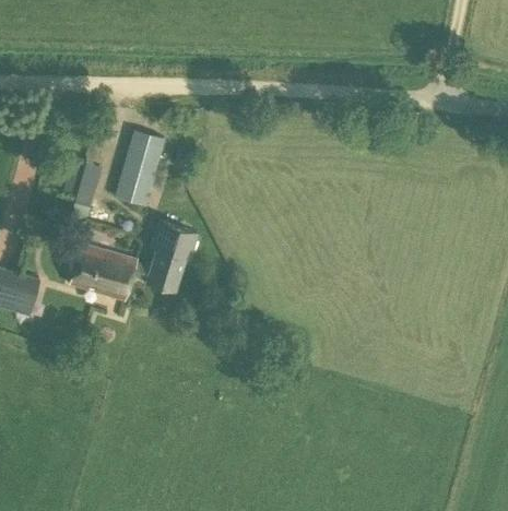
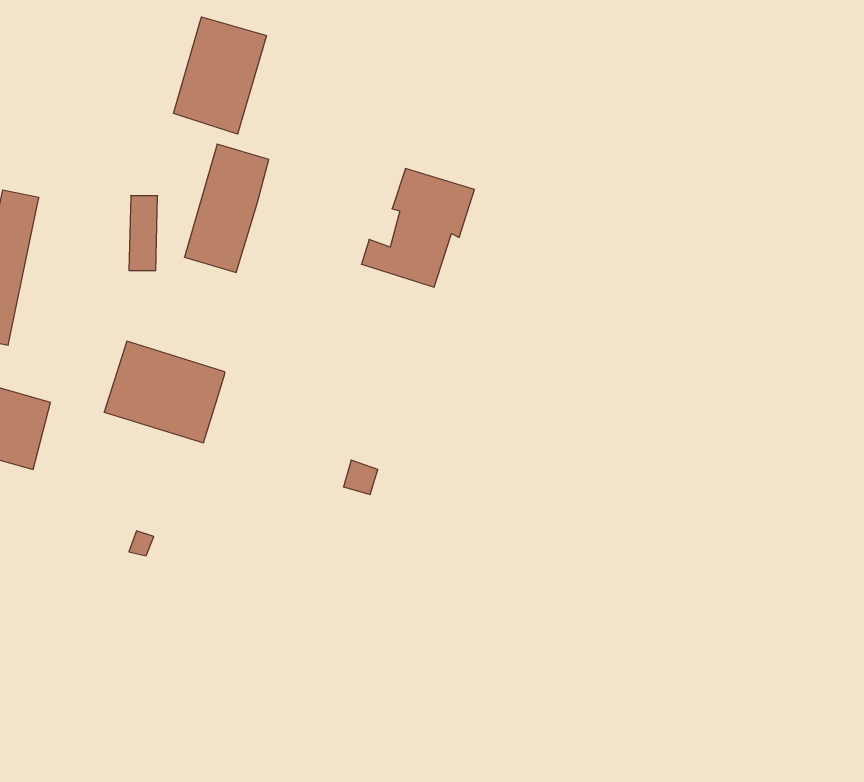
building: none -> [174,17,267,134]
building: [133,222,198,289] -> [361,169,474,287]

